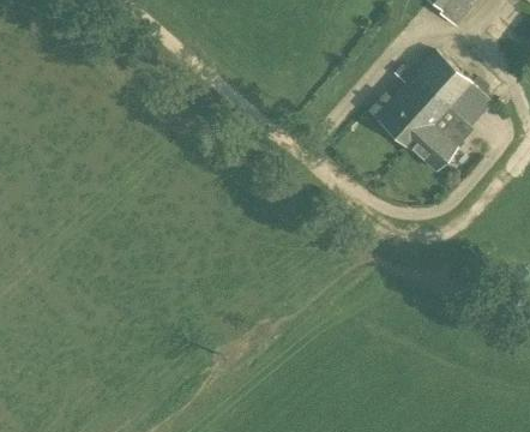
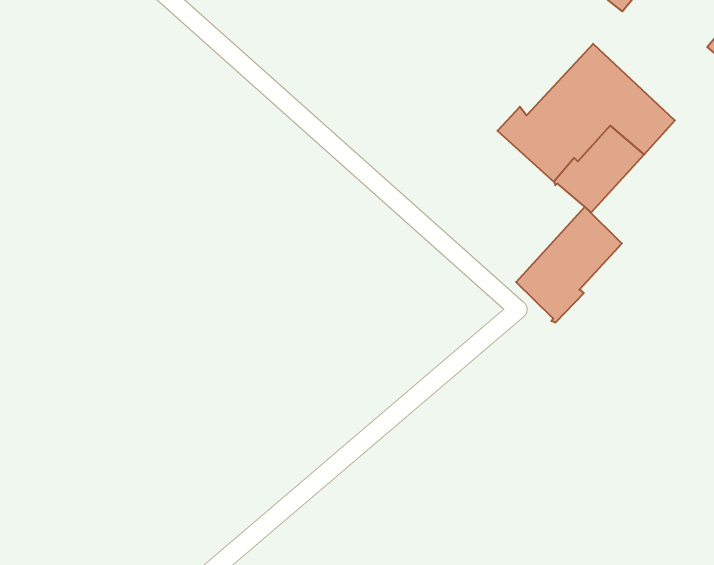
building: none -> [516,207,622,323]

